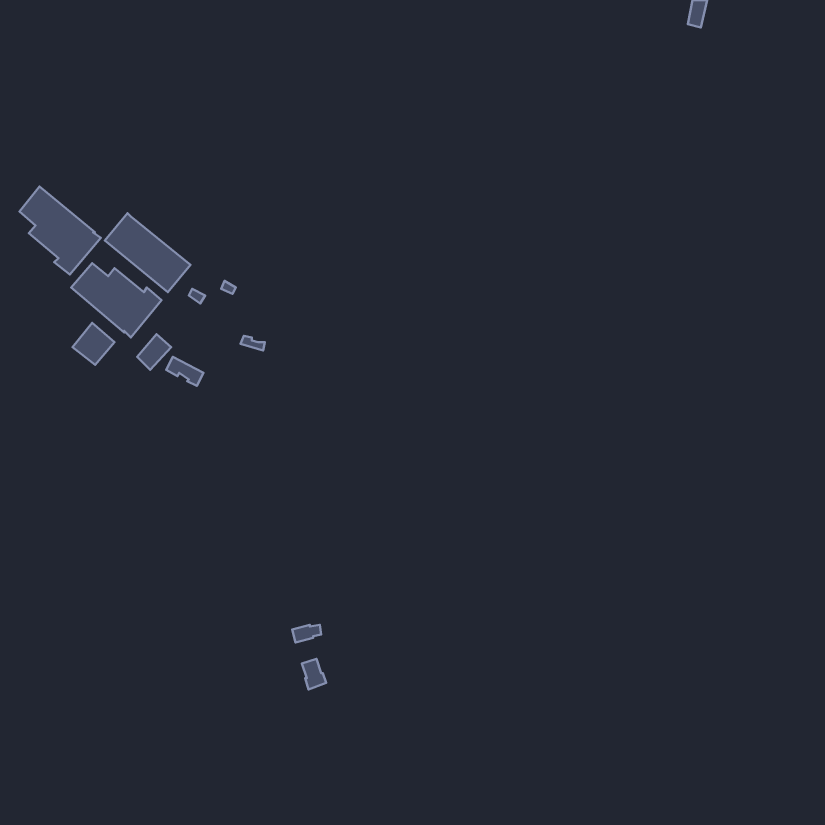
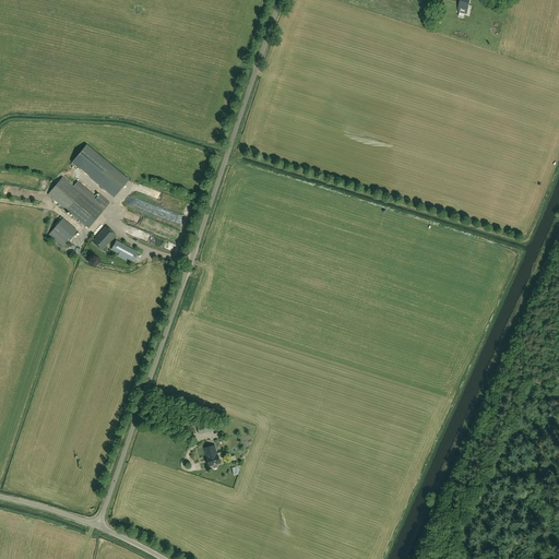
building: [19,187,101,274] -> none

